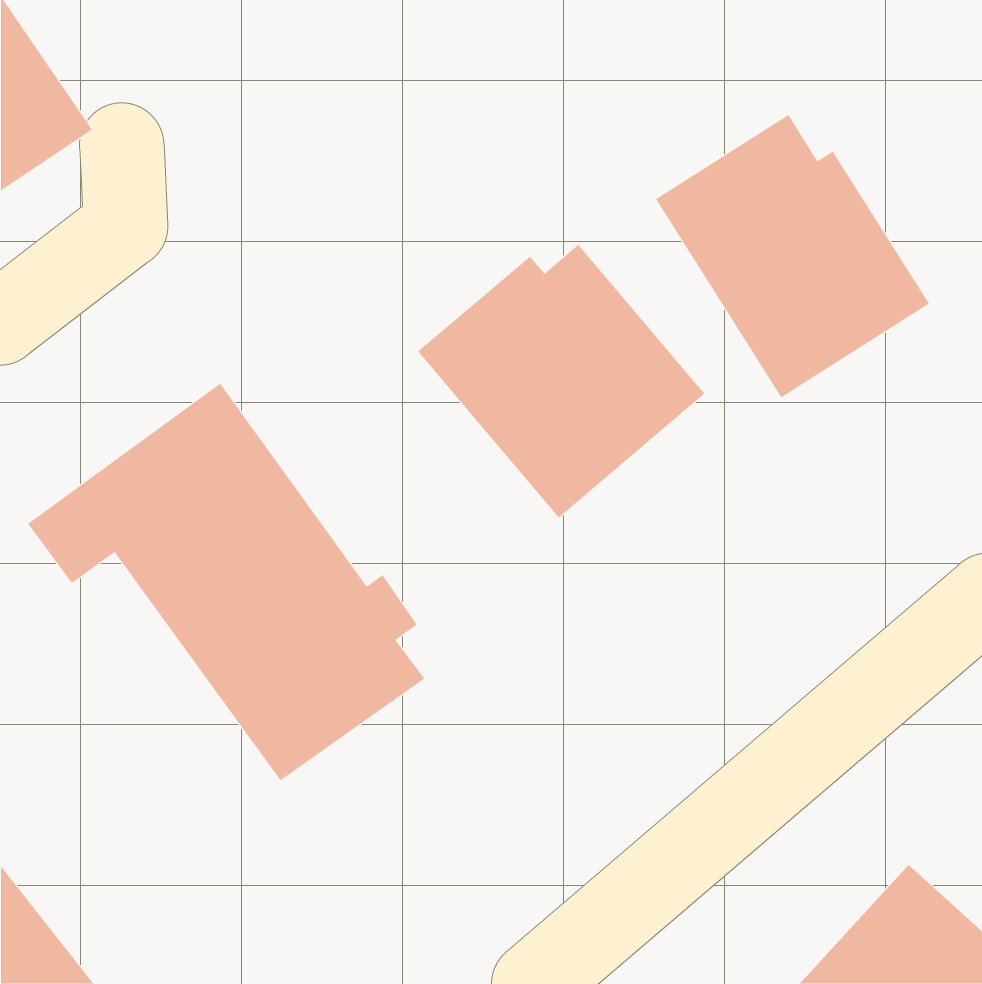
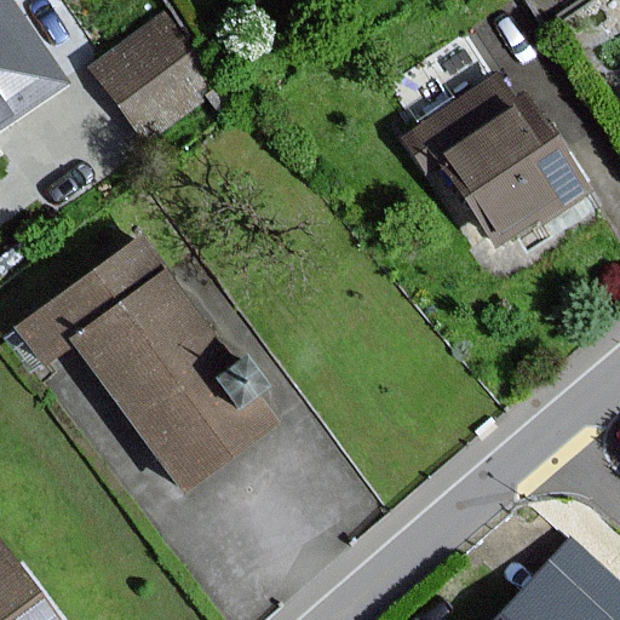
building: none -> [94,15,216,134]
building: [417,244,705,518] -> none

